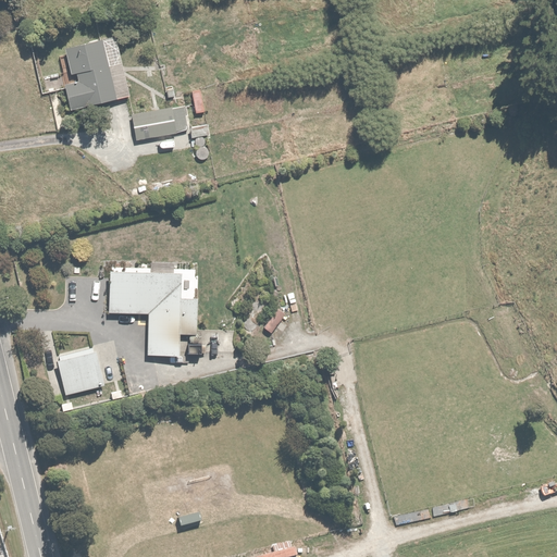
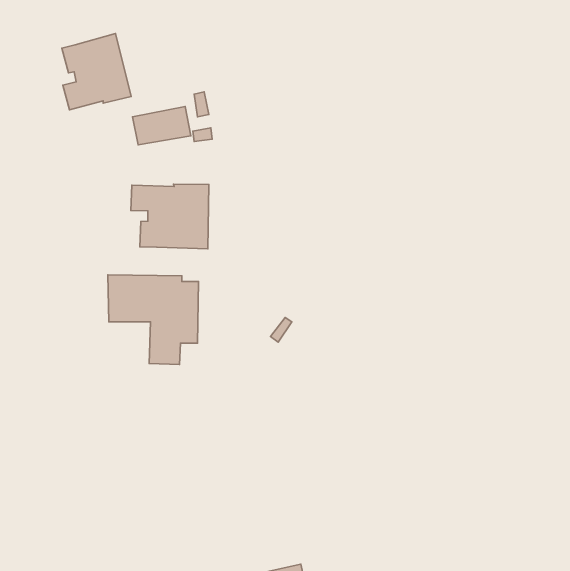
building: none -> [131,184,209,249]
building: [57,348,103,396] -> none

